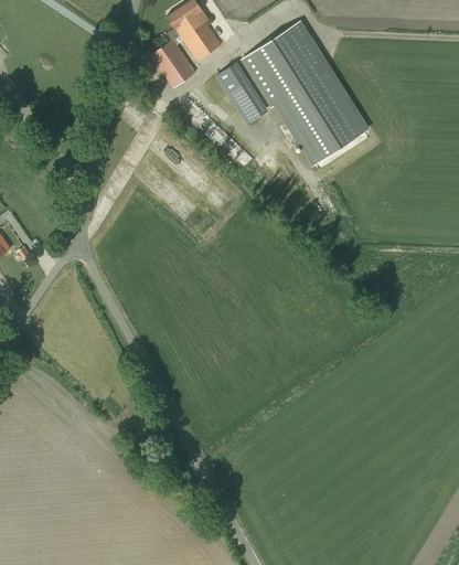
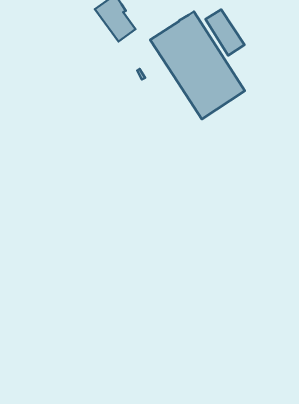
building: [149,39,195,88] -> none
building: [215,62,268,125] -> [206,9,245,55]

